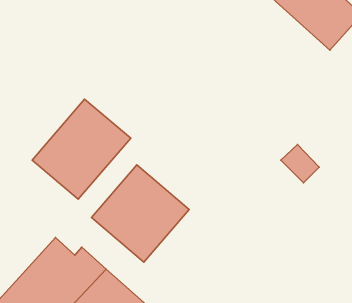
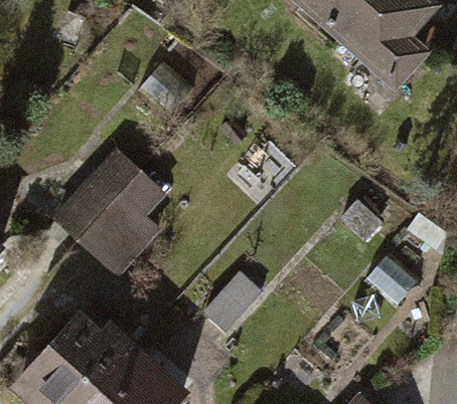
building: [91,165,189,262] -> none

